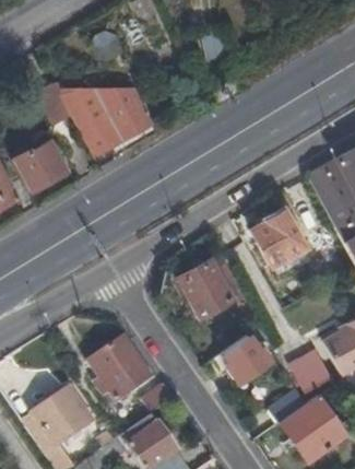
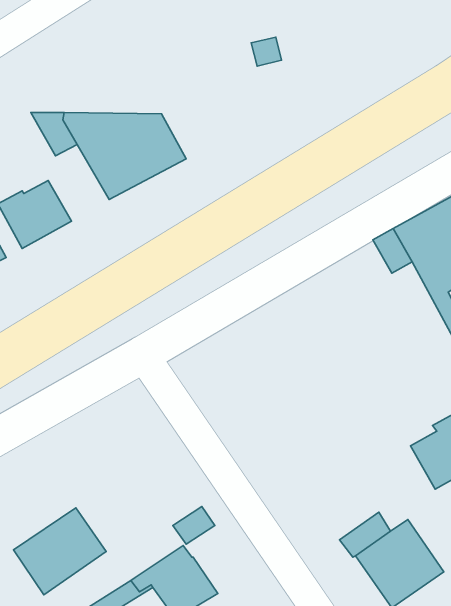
building: [253,209,306,266] -> none
building: [180,255,259,324] -> none
building: [225,327,272,383] -> none
building: [90,338,151,401] -> none
building: [287,347,331,391] -> none

